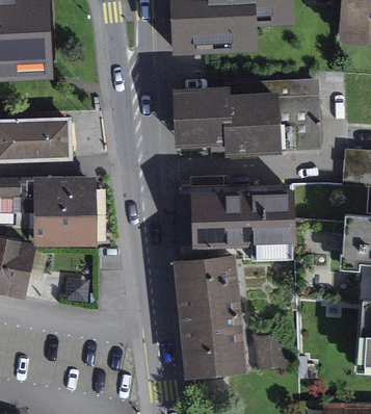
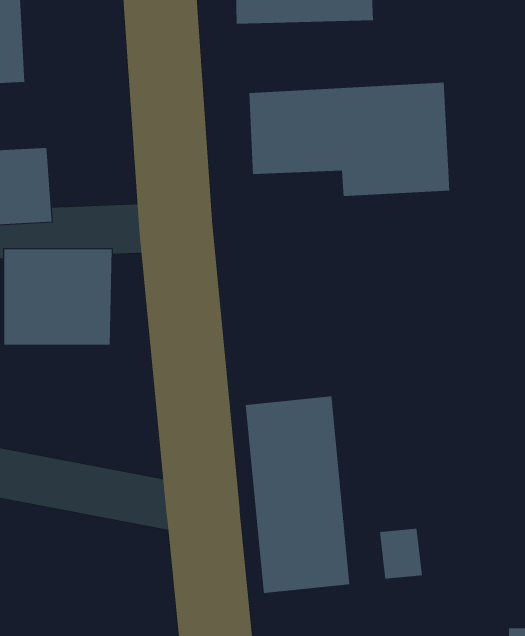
building: [173,192,284,256] -> none

